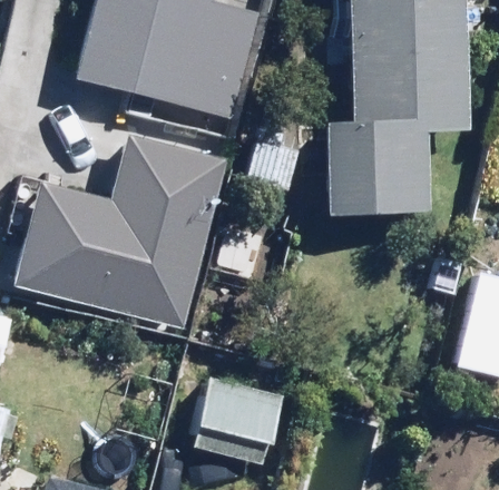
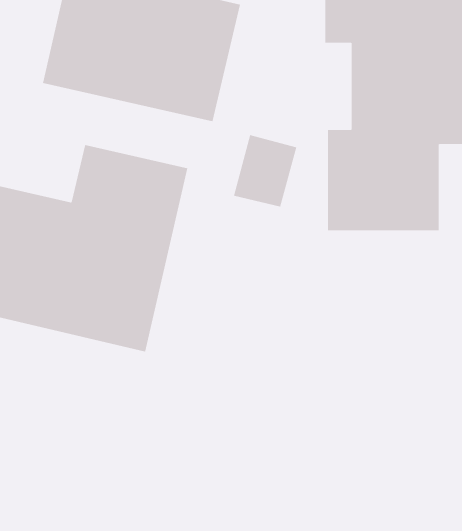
building: [187,375,294,468] -> none

